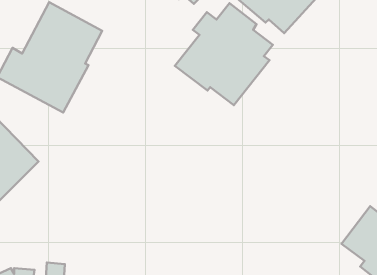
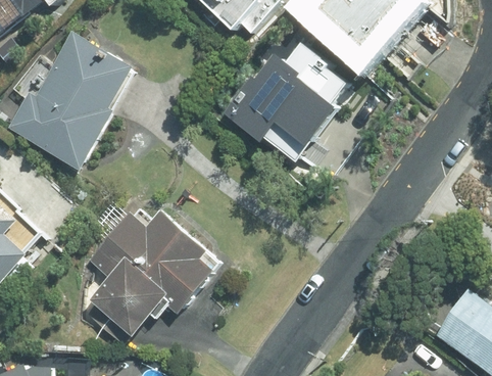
building: none -> [84,206,215,344]

